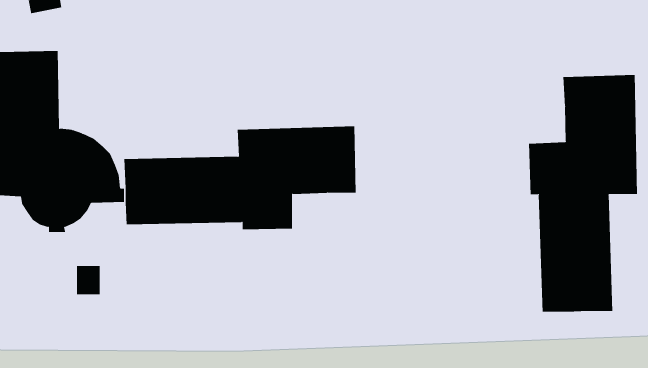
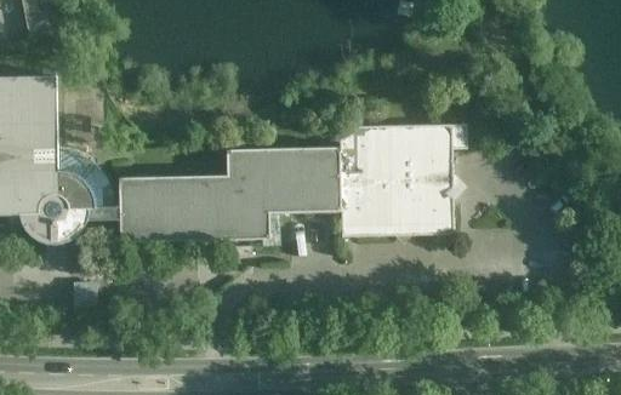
building: [529,74,638,313] -> none
building: none -> [338,125,466,237]

